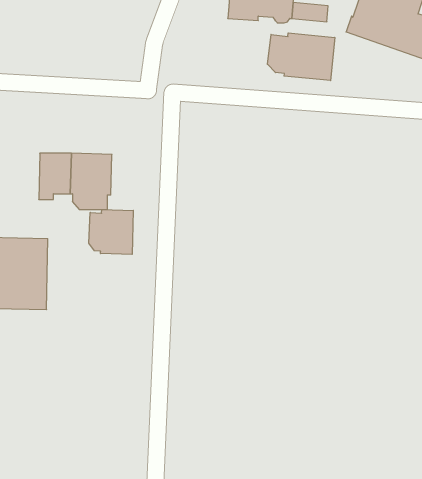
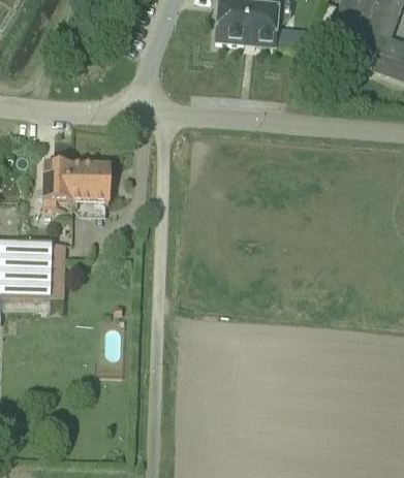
building: [267,33,335,81] -> none
building: [89,210,133,254] -> none

